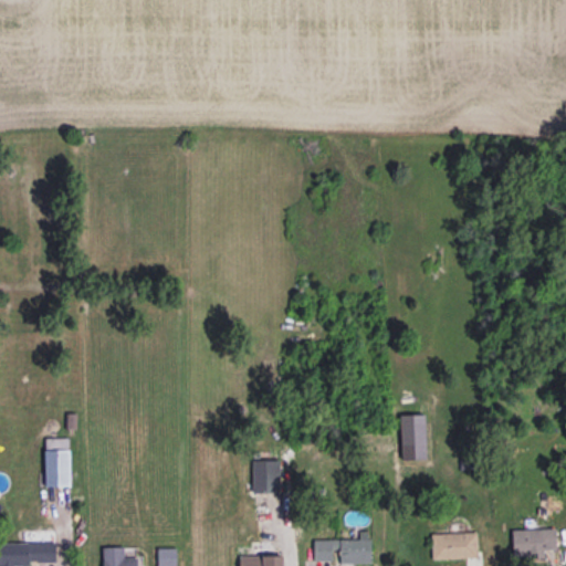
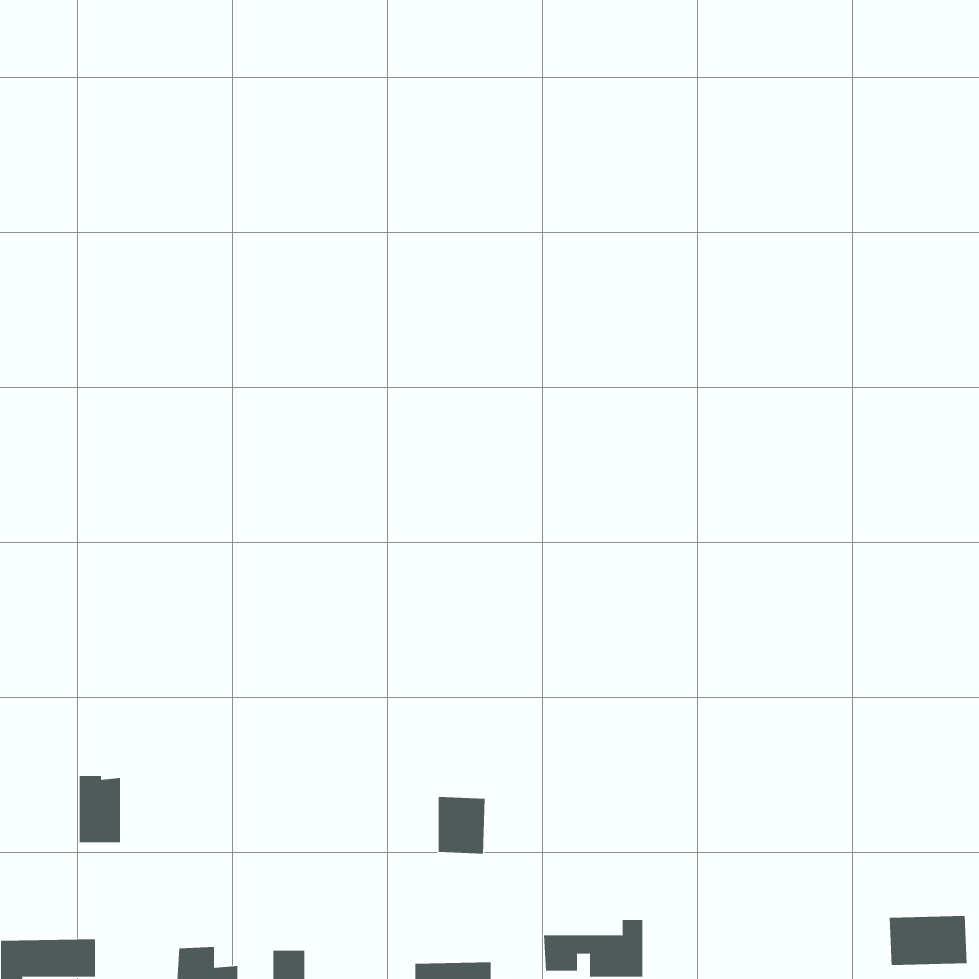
building: [401,415,427,460] -> none
building: [432,533,479,559] -> none

